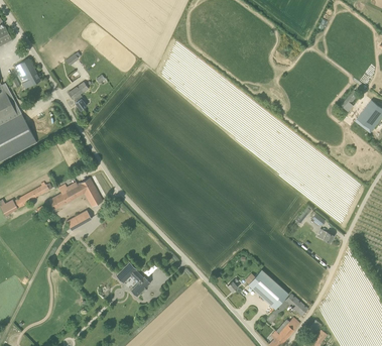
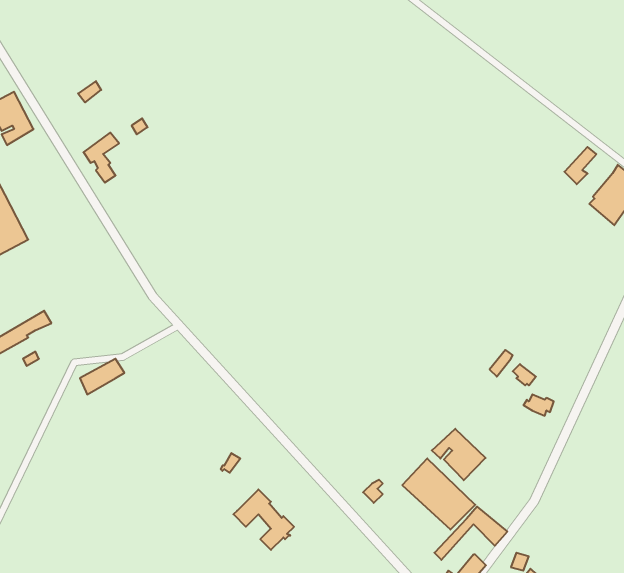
building: [48,179,102,210] -> none
building: none -> [432,429,486,480]
building: [115,262,149,297] -> [233,489,294,550]

